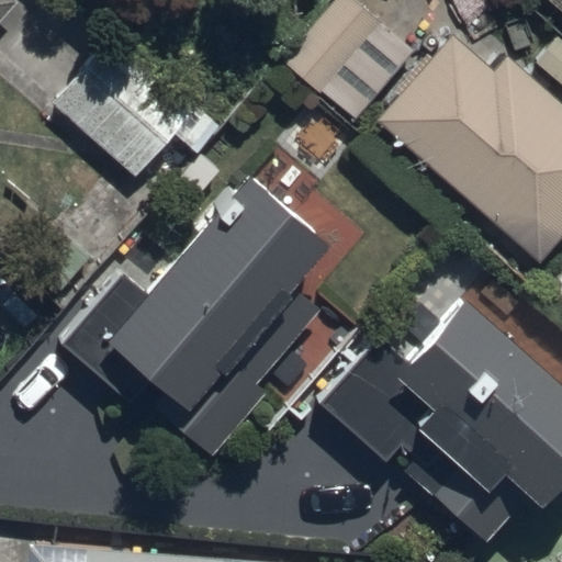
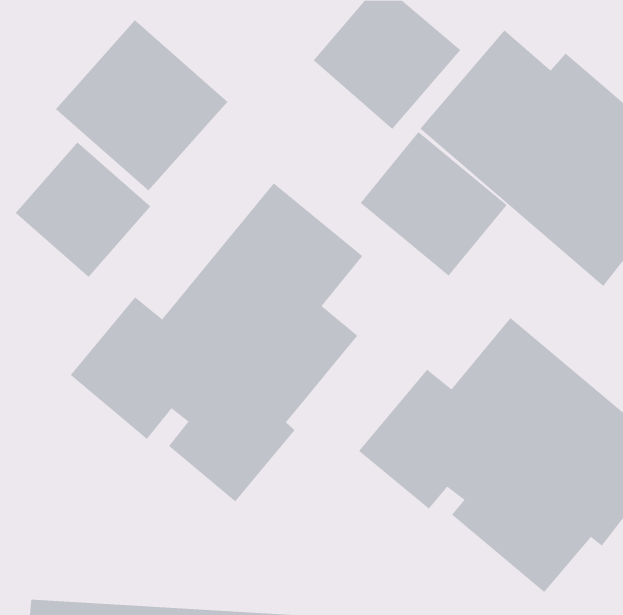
building: none -> [360,131,507,277]
building: none -> [15,141,151,278]

